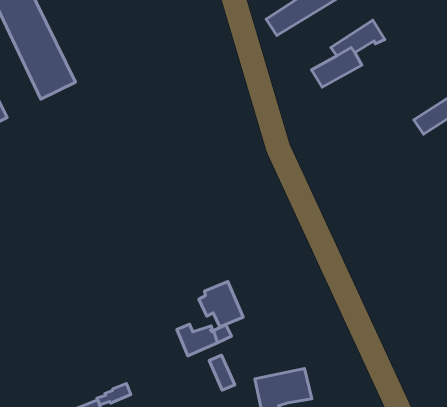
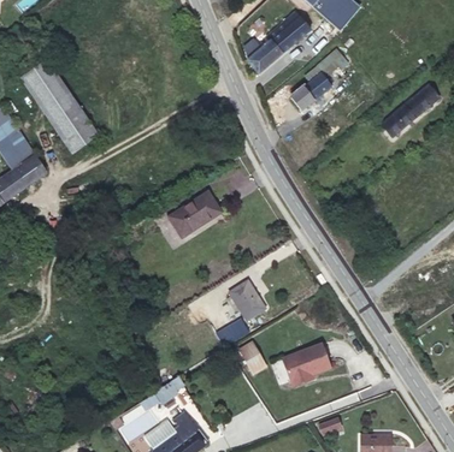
building: none -> [169,191,220,236]

